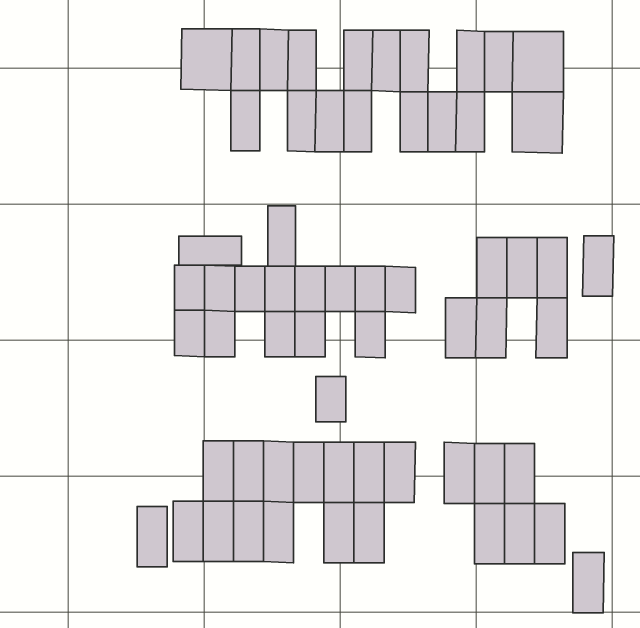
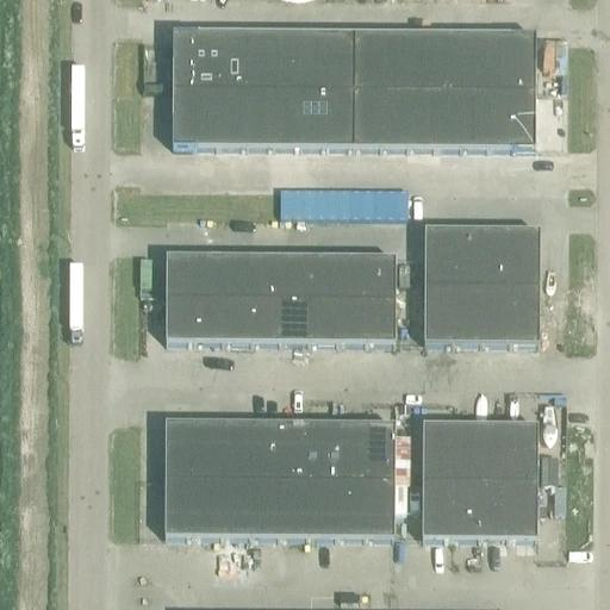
building: none -> [301,29,328,86]
building: none -> [407,29,435,87]
building: none -> [173,85,220,143]
building: none -> [354,86,381,144]
building: none -> [461,87,487,144]
building: [268,206,296,266] -> [248,86,274,143]
building: [583,236,614,296] -> [481,282,511,340]
building: [179,236,241,265] -> none
building: none -> [424,225,454,282]
building: none -> [224,295,253,338]
building: none -> [367,295,396,340]
building: [316,377,346,422] -> [310,295,338,338]
building: none -> [280,477,309,534]
building: none -> [366,477,394,534]
building: none -> [422,478,452,535]
building: [137,506,167,567] -> [166,418,194,475]
building: [573,553,604,613] -> [509,421,539,478]

